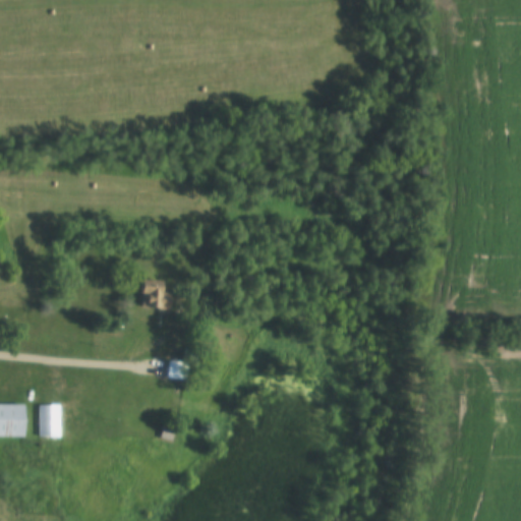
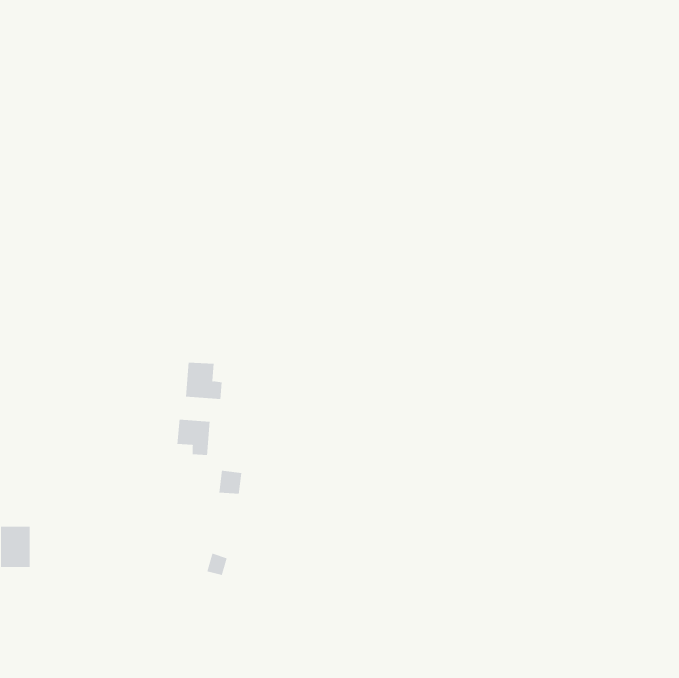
building: none -> [177,419,210,456]
building: [40,405,60,437] -> none

